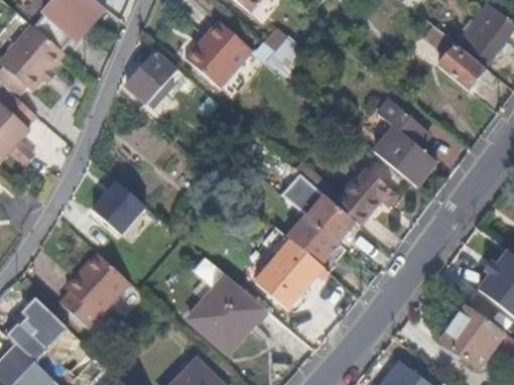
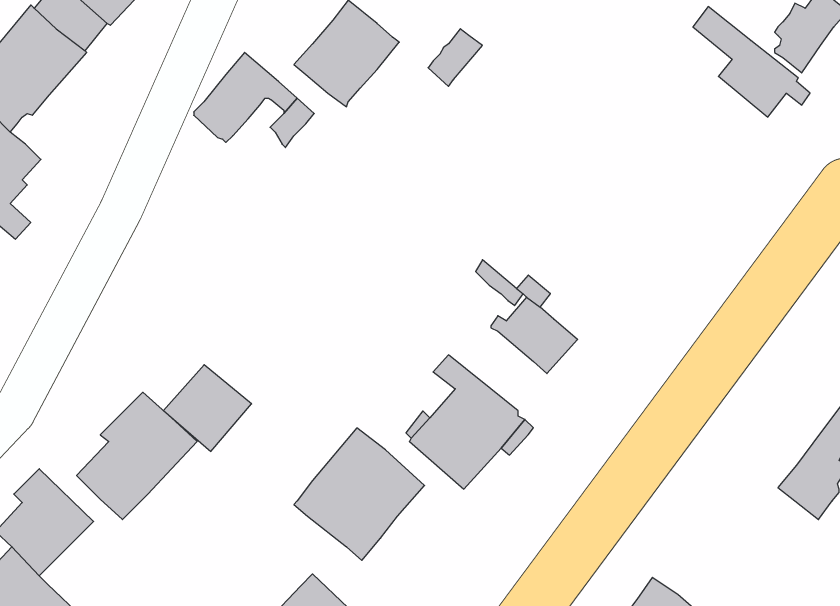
building: [373,100,437,187] -> none
building: [345,170,396,217] -> none
building: [93,181,145,233] -> [163,365,252,451]
building: [288,217,339,267] -> none
building: [439,304,504,370] -> none

